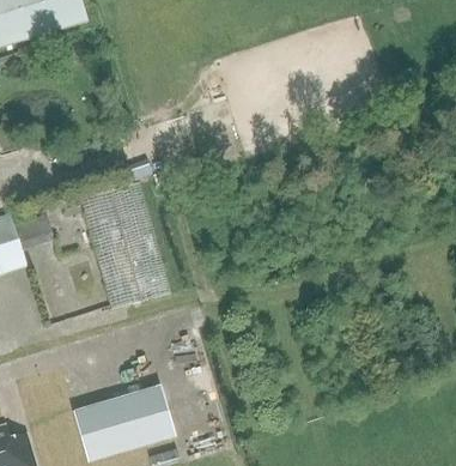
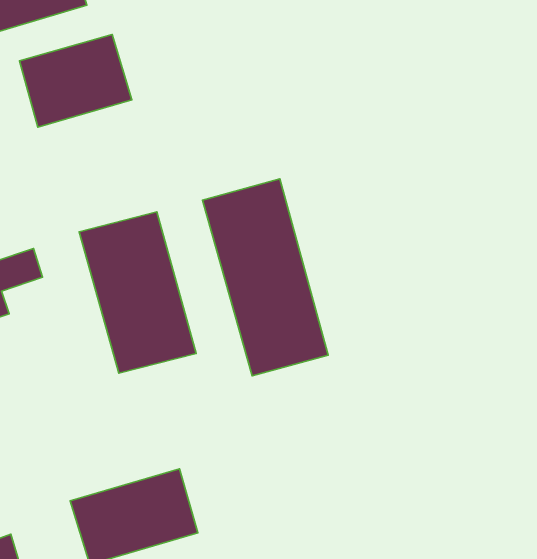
building: none -> [20,34,132,127]
building: none -> [203,179,328,376]

